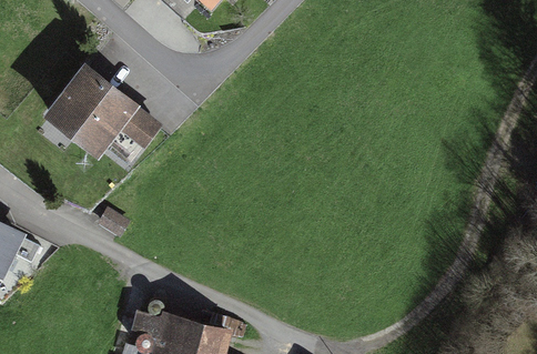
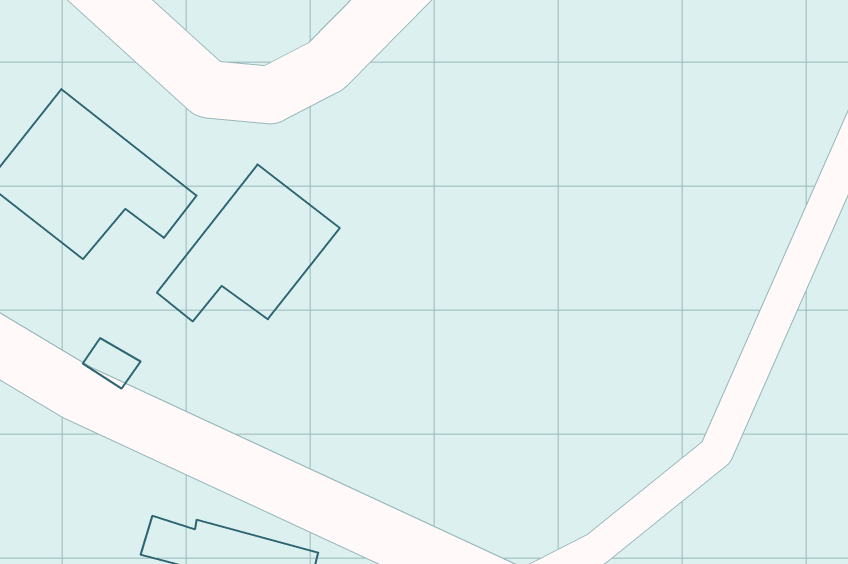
building: none -> [157,164,340,321]

